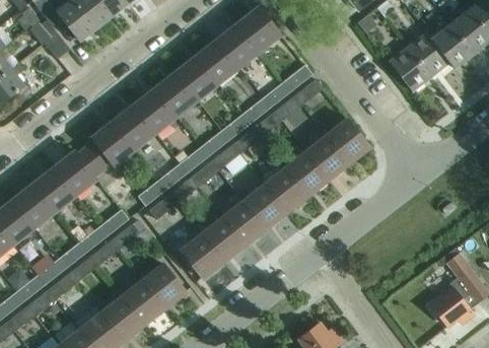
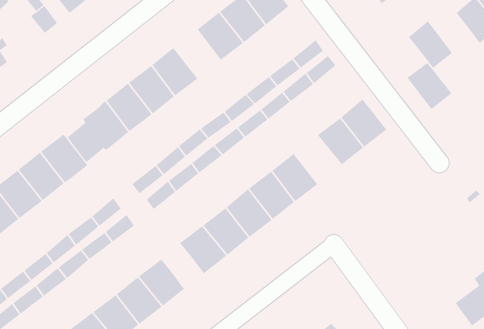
building: [408,32,449,76] -> [407,62,452,110]
building: [176,55,218,99] -> none
building: [285,151,329,196] -> none

